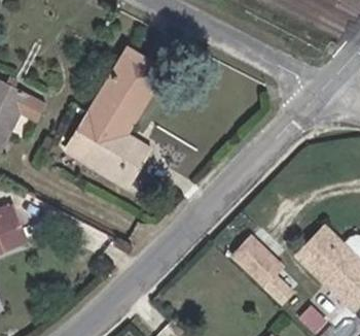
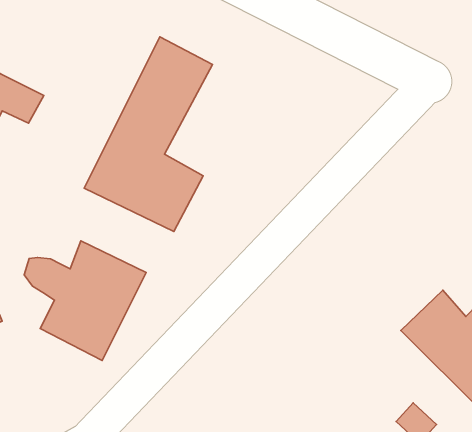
building: none -> [24,241,146,360]
building: [227,234,285,300] -> none

